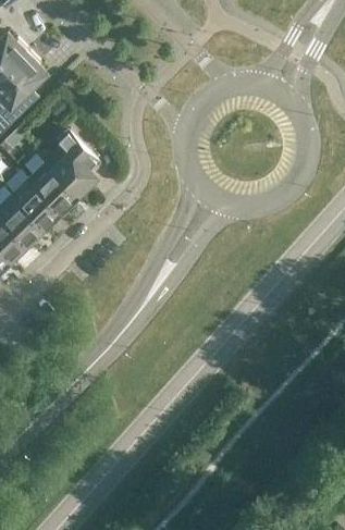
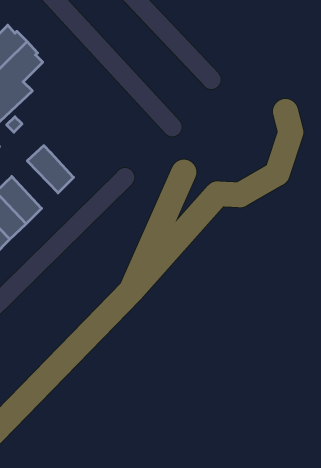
building: [54,137,99,194] -> none
building: [13,176,62,226] -> none

